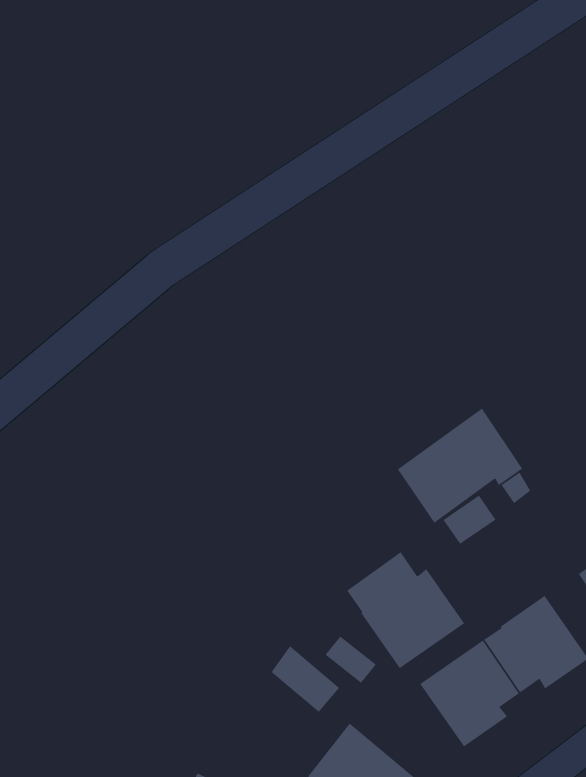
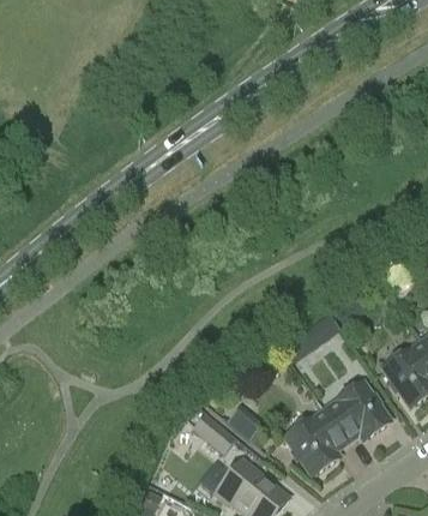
building: [397,408,523,524] -> none
building: [346,551,465,669] -> none

